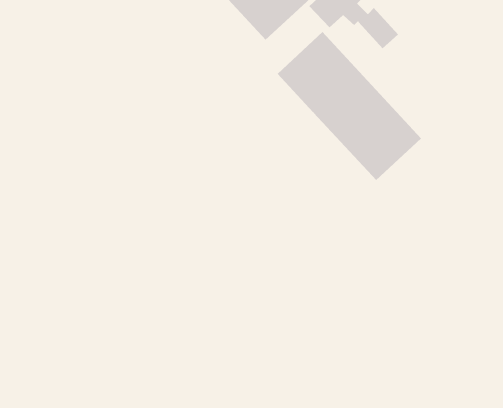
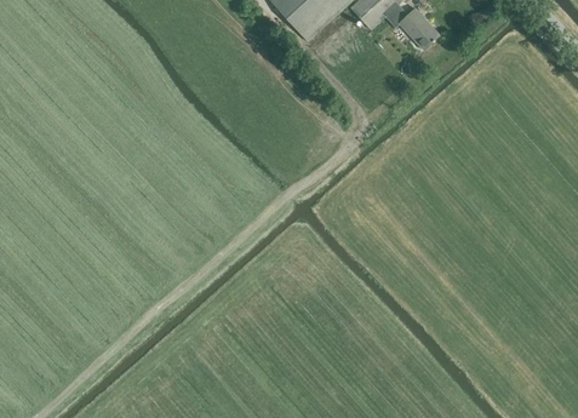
building: [277,31,422,181] -> none

